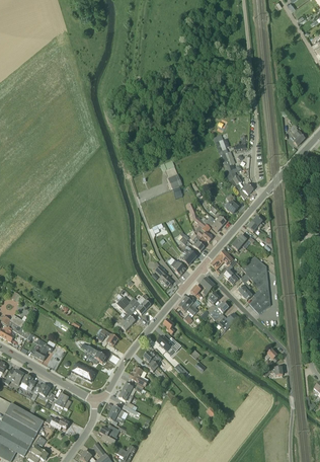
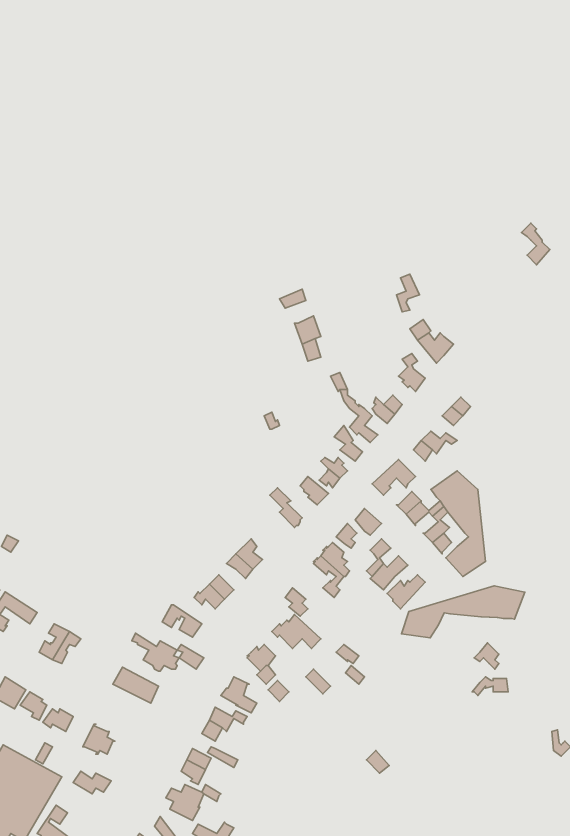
building: none -> [401,586,525,638]

